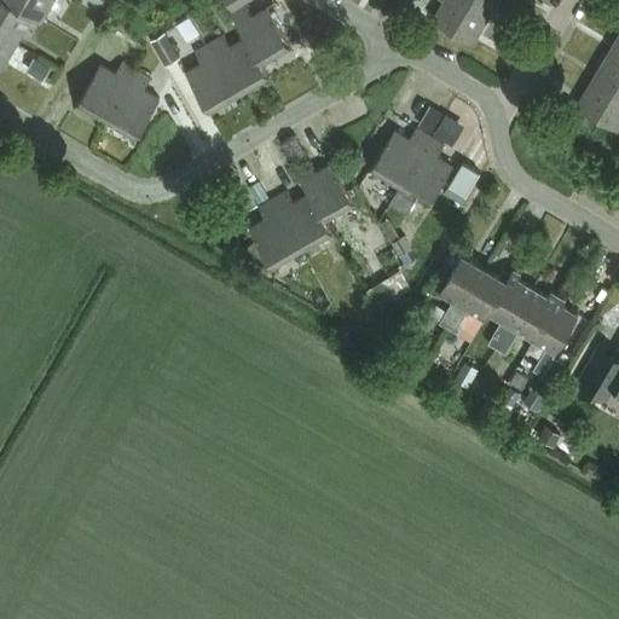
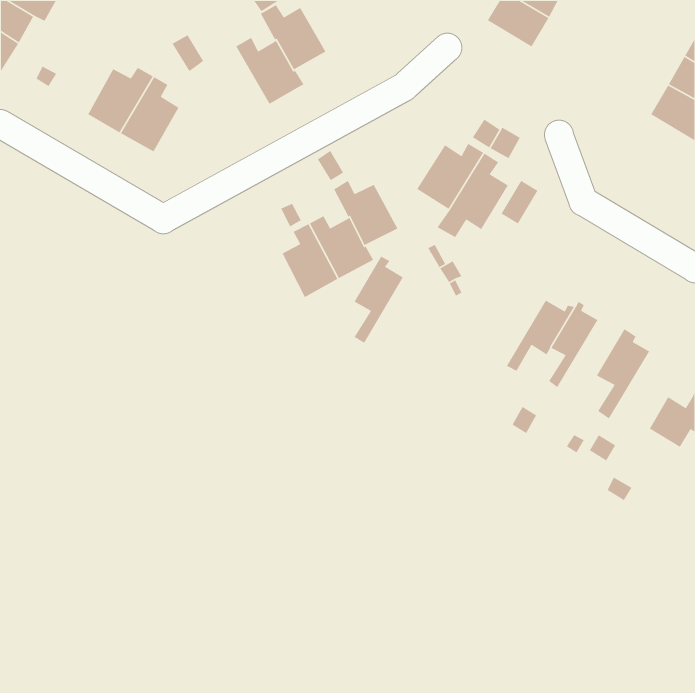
building: [187,44,239,112] -> none
building: [440,249,485,328] -> [354,255,404,344]
building: [496,287,555,352] -> none

